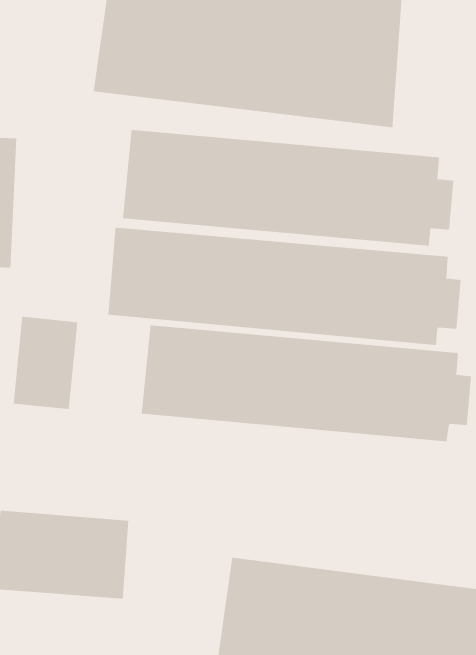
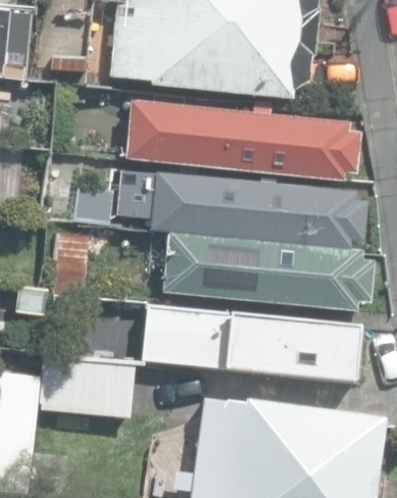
building: none -> [138,305,357,382]

